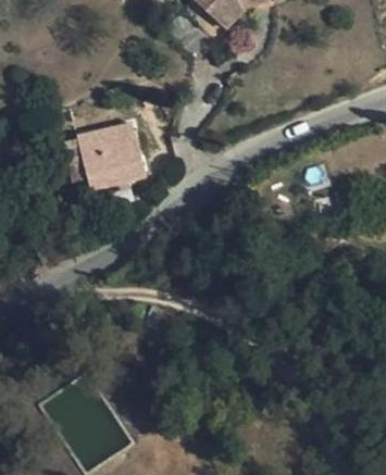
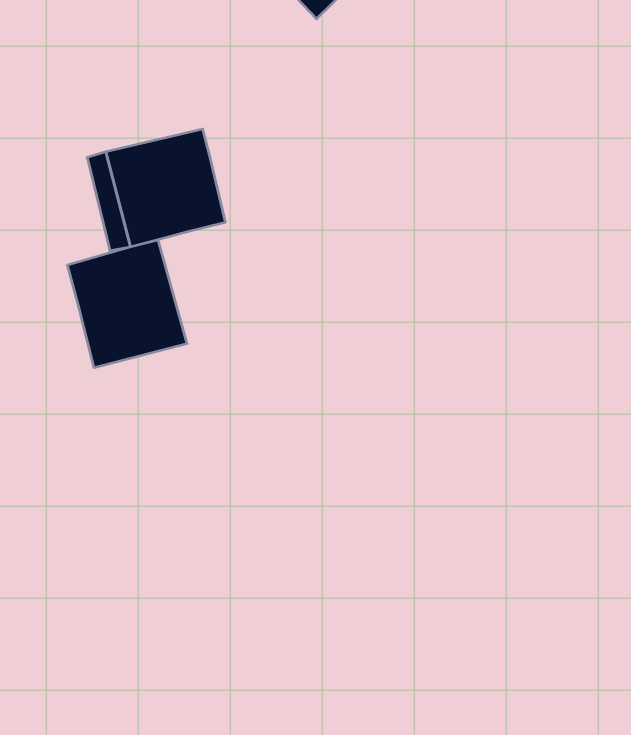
building: none -> [68,240,187,368]

